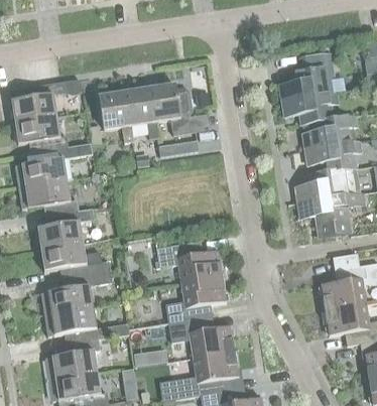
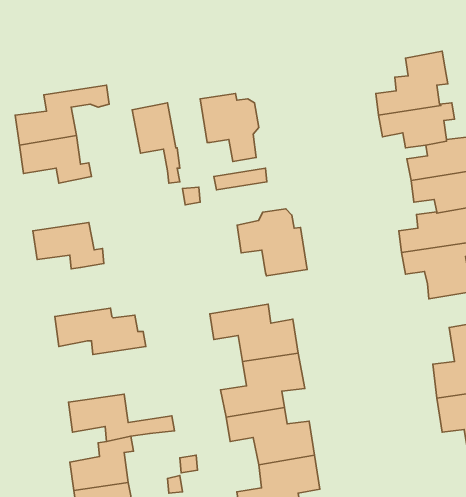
building: [125,89,158,138] -> none
building: [21,143,93,186] -> none
building: none -> [237,209,307,276]
building: [37,209,95,250] -> none
building: [47,272,111,313] -> none

